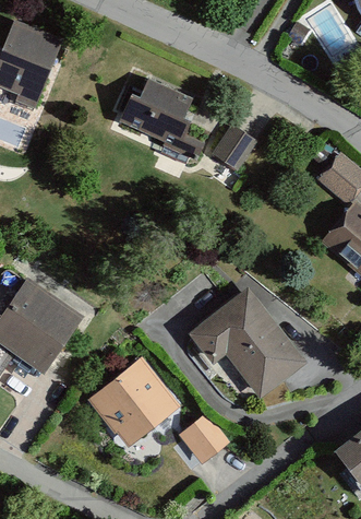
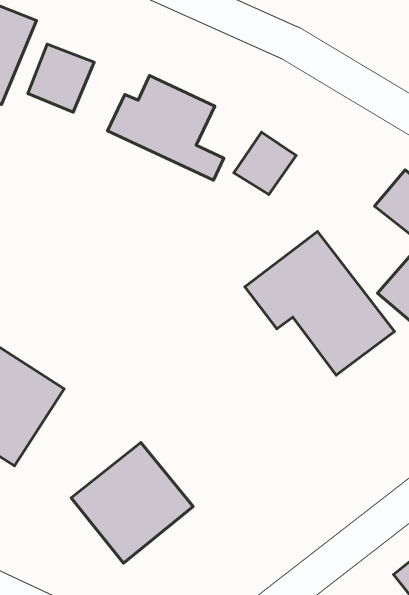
building: none -> [28,44,94,112]
building: [192,288,304,397] -> [245,232,394,375]
building: [179,411,230,463] -> none

